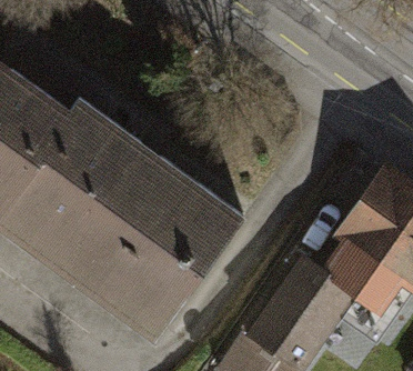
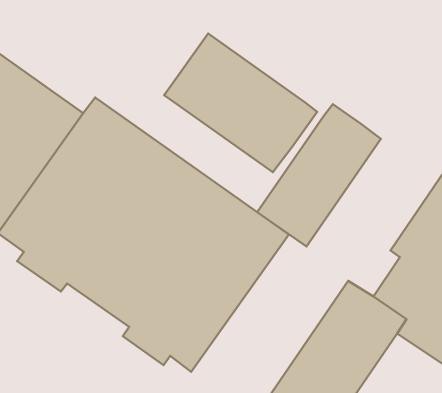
building: none -> [164,33,317,172]
building: none -> [257,104,381,246]

